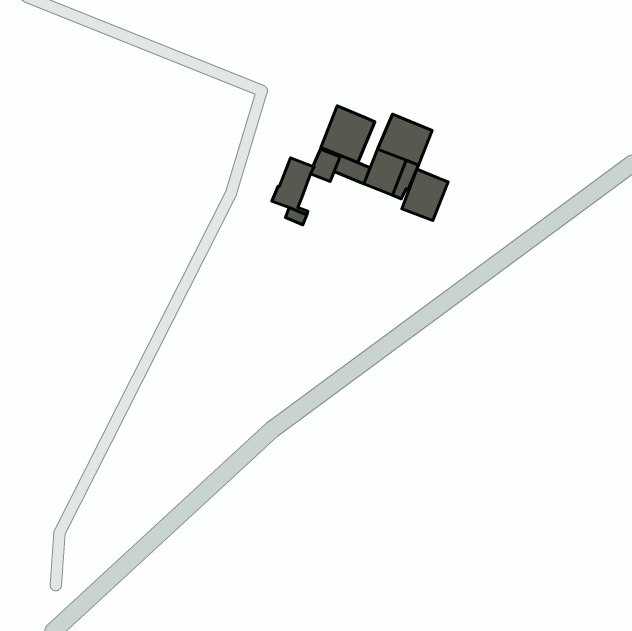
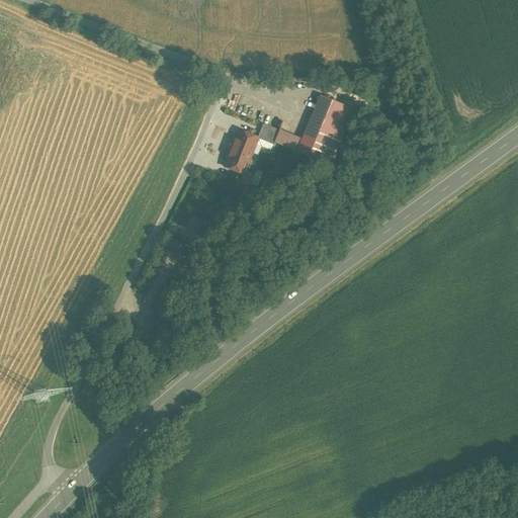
building: [321,106,375,162] -> none
building: [402,169,448,221] -> none

